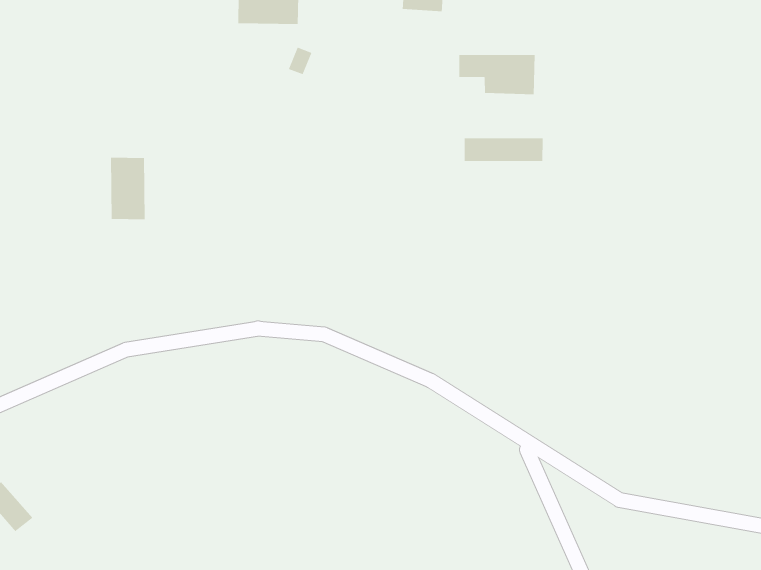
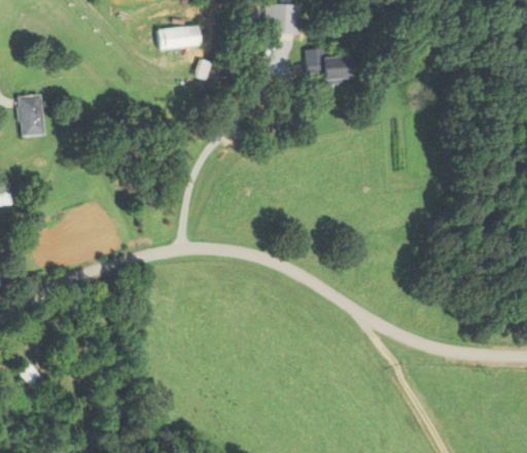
building: [464,138,543,162] -> none
building: [110,157,145,220] -> [17,94,43,136]

